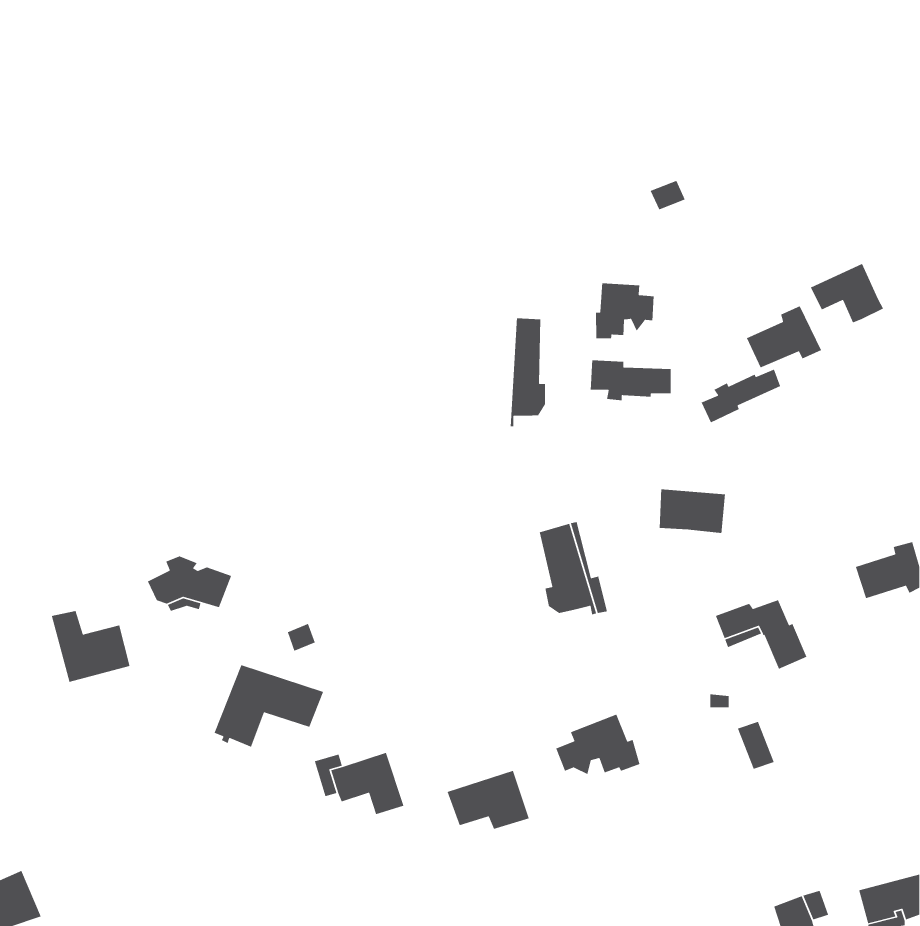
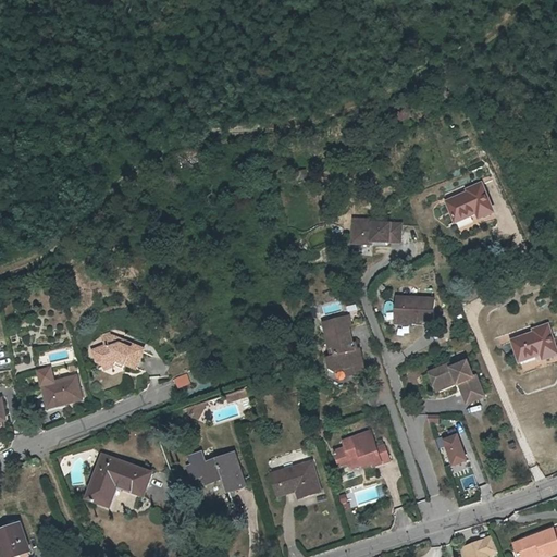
building: [810,263,884,323] -> none
building: [595,282,655,339] -> none
building: [510,317,546,427] -> none
building: [700,368,781,423] -> none
building: [214,664,324,748] -> [84,457,150,507]

